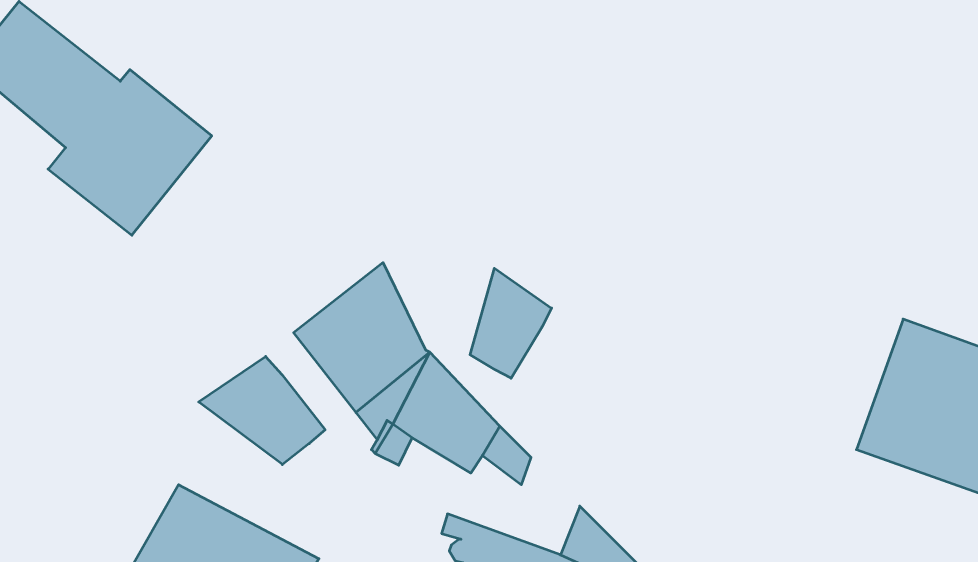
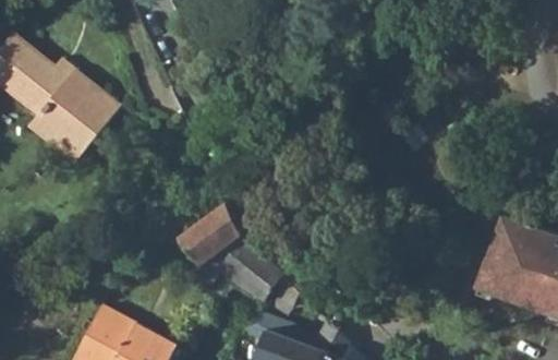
building: [470,268,552,378] -> none
building: [199,356,325,465] -> none

